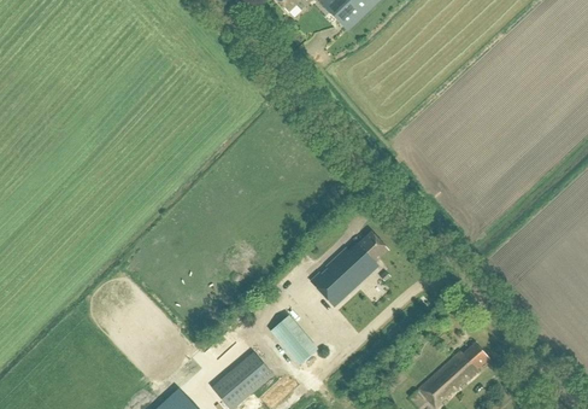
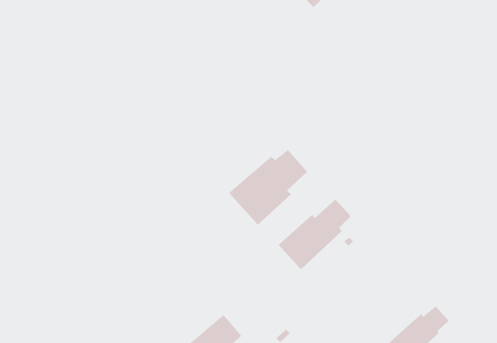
building: none -> [228,149,308,225]
building: [271,311,322,363] -> none

